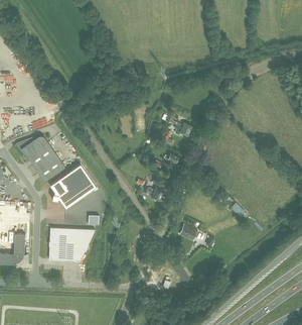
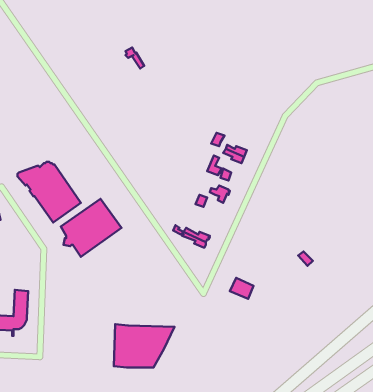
building: [49,227,96,260] -> [114,324,174,368]

